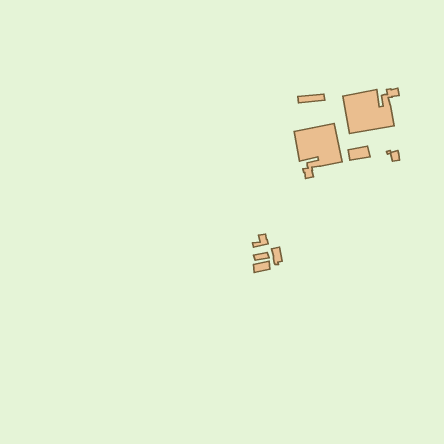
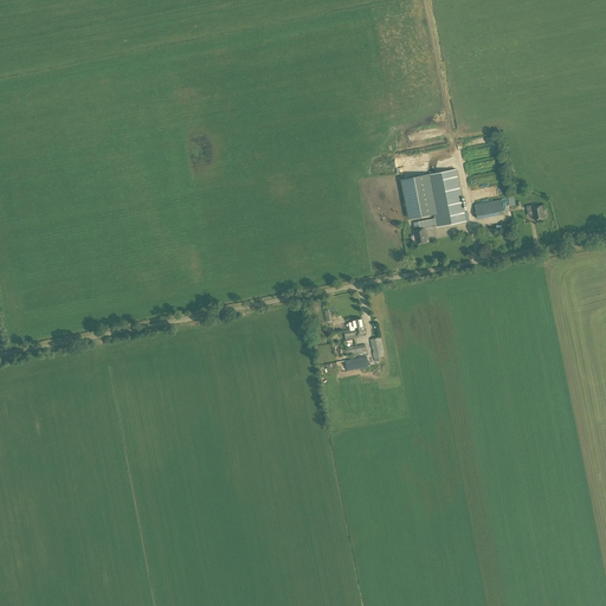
building: [343,88,399,133] -> none

